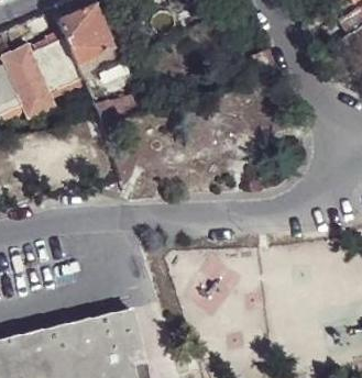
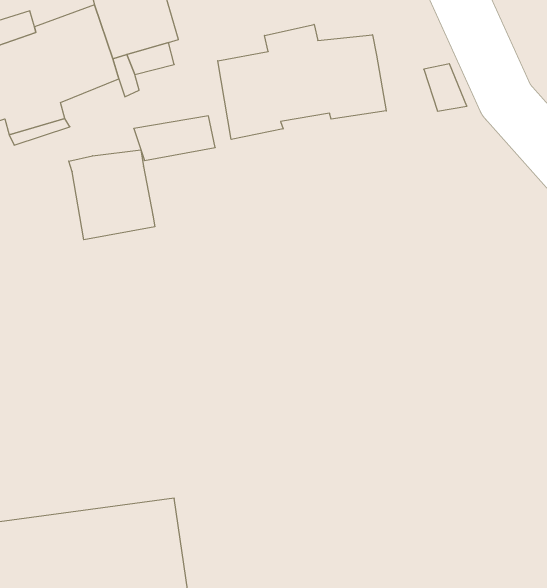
building: none -> [218,24,386,139]
building: none -> [69,150,155,240]

